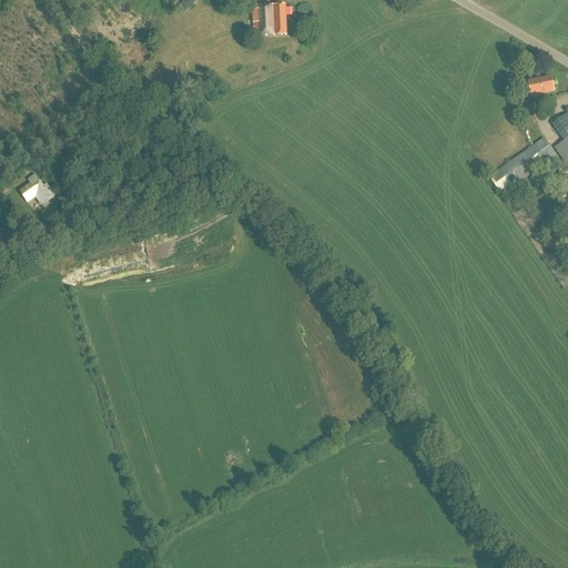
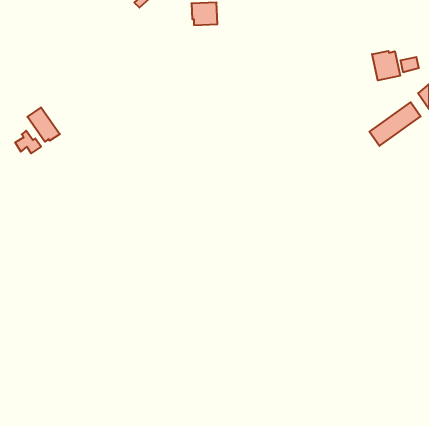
building: none -> [372,51,400,80]
building: none -> [27,107,60,142]

